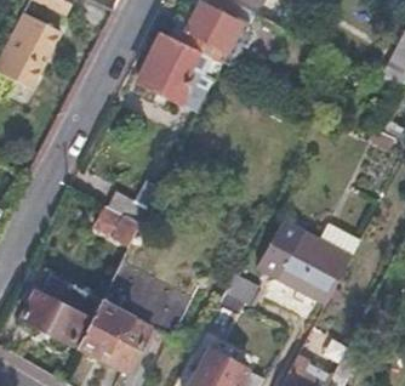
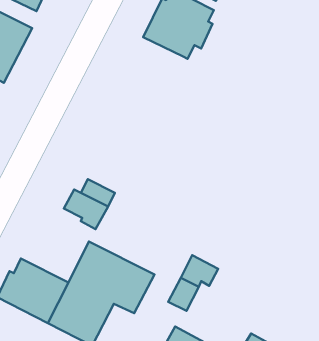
building: [138,34,222,103] -> none
building: [256,220,359,303] -> none

